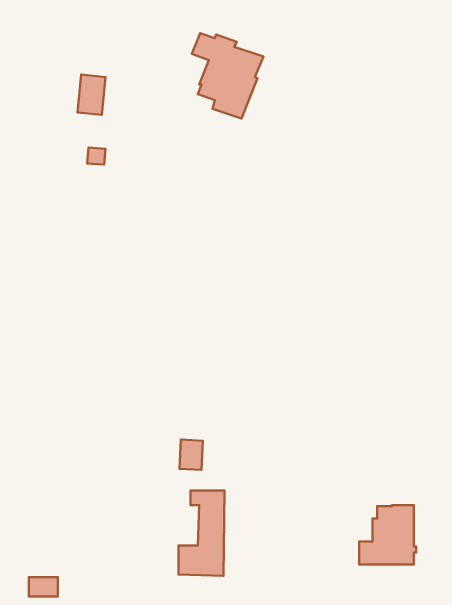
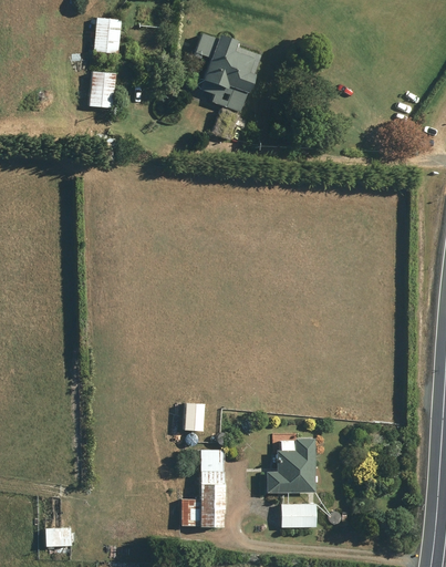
building: none -> [93,18,121,52]
building: [359,505,416,565] -> [265,439,317,493]
building: none -> [281,504,317,527]

